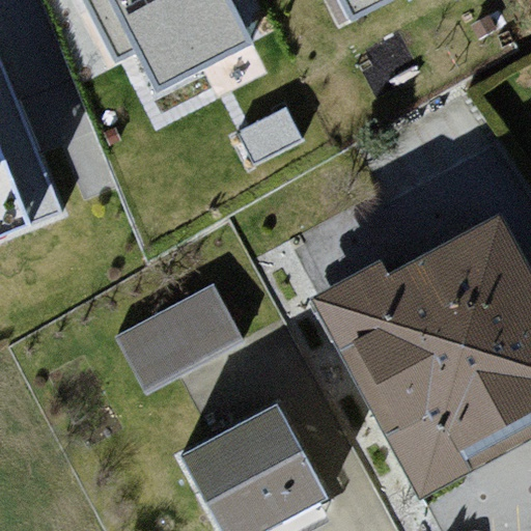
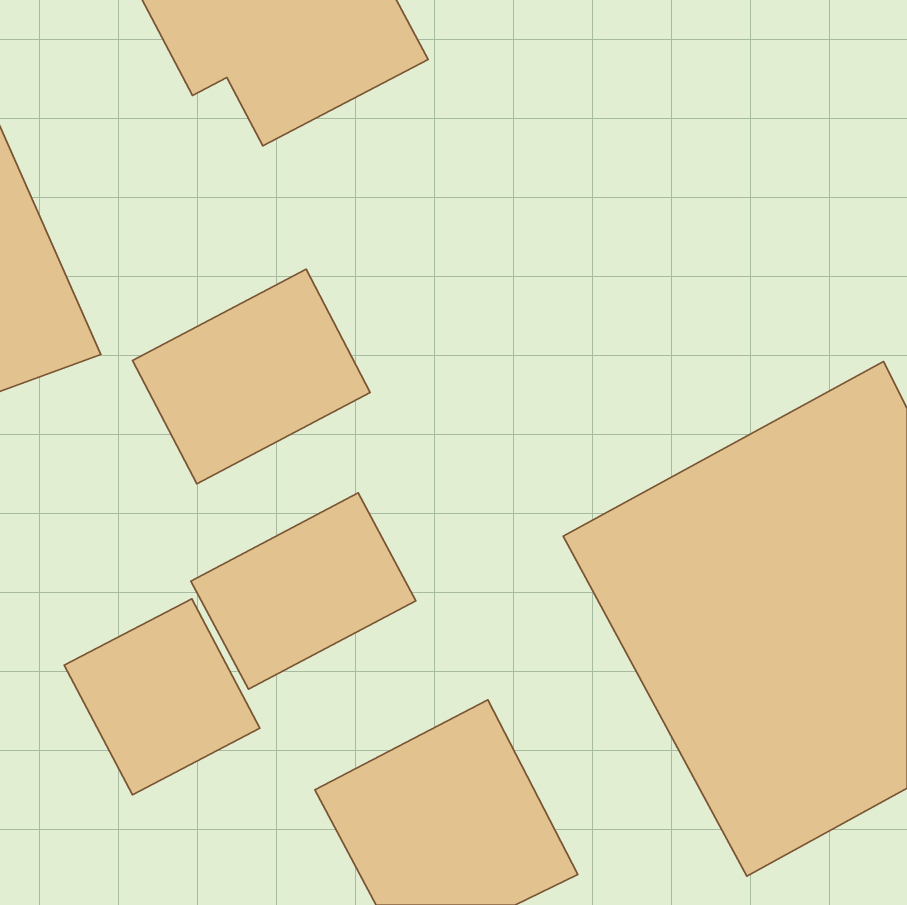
building: none -> [133,269,370,484]
building: none -> [64,599,260,795]

